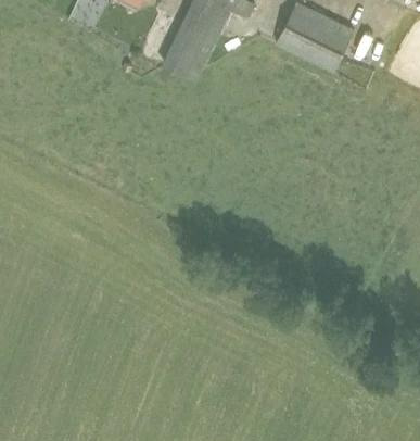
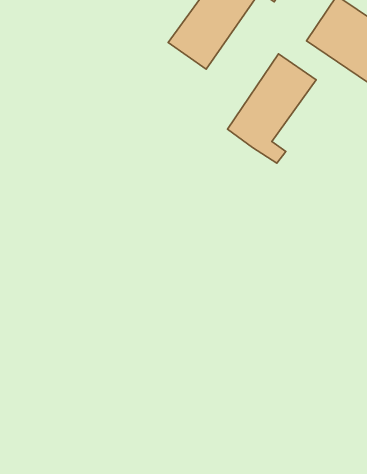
building: none -> [228,54,316,163]

